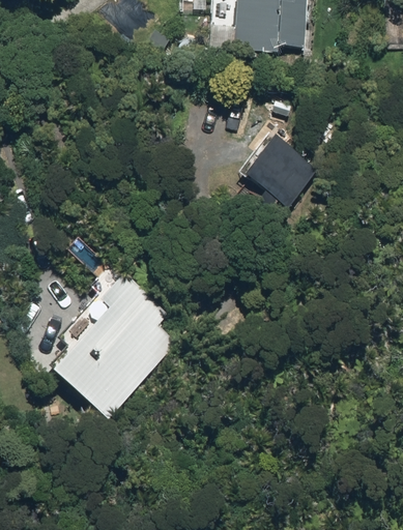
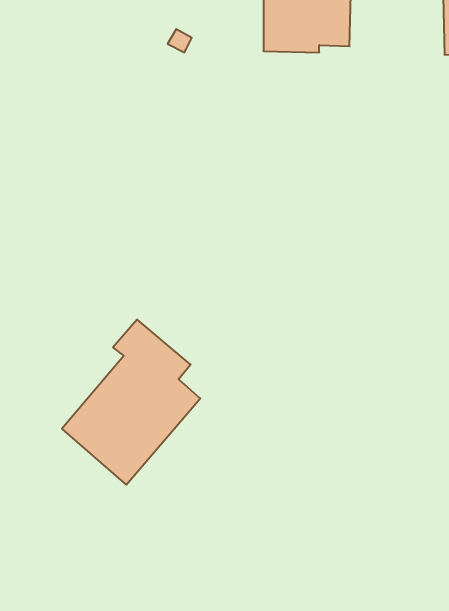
building: [241,132,316,205] -> none

